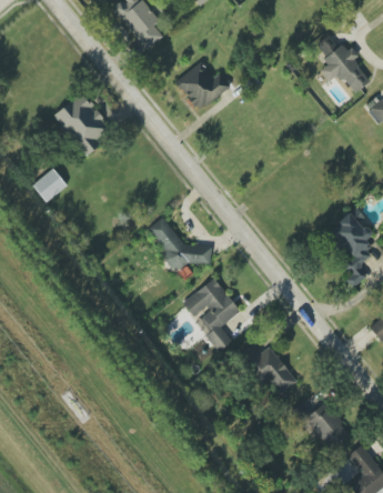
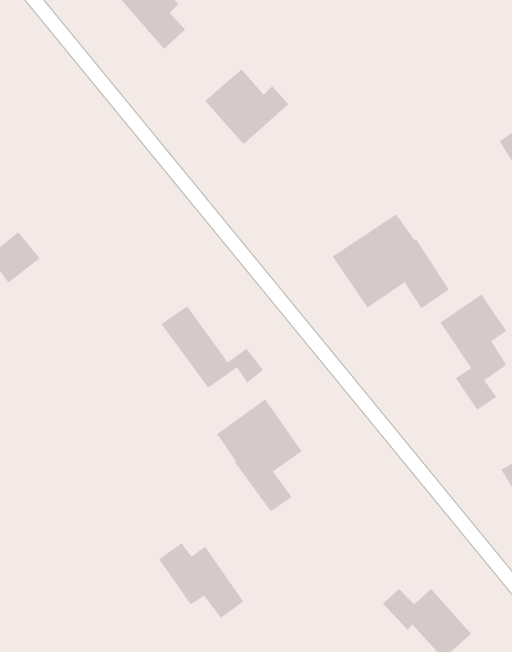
building: [316,34,371,92] -> none
building: [54,92,108,155] -> none
building: none -> [332,213,449,309]
building: [240,343,296,393] -> [158,542,244,619]

